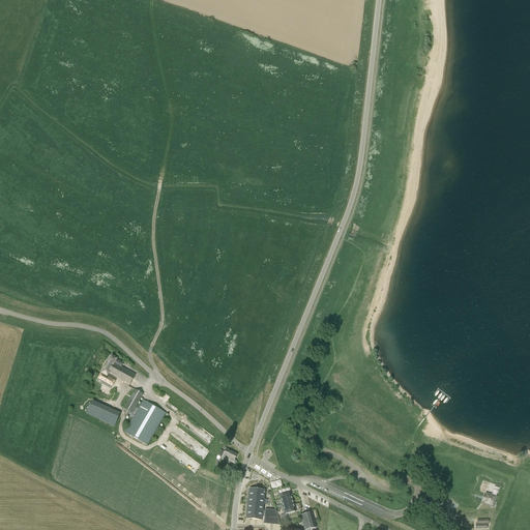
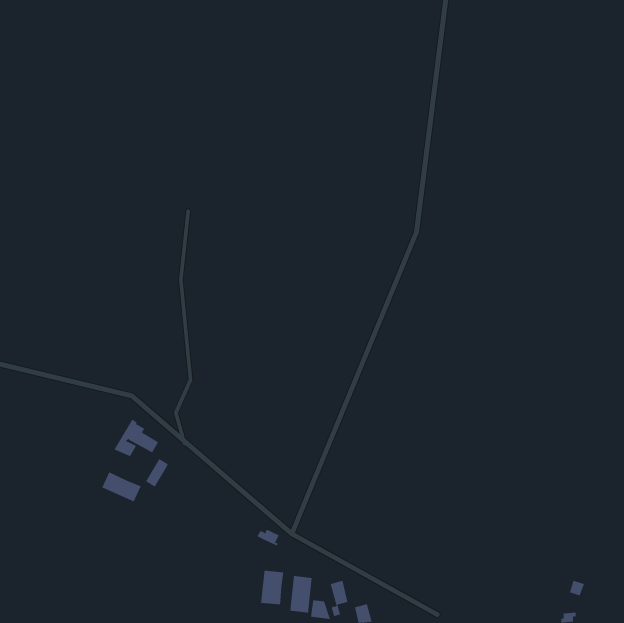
building: [124,399,166,444] -> none
building: none -> [261,570,284,605]

